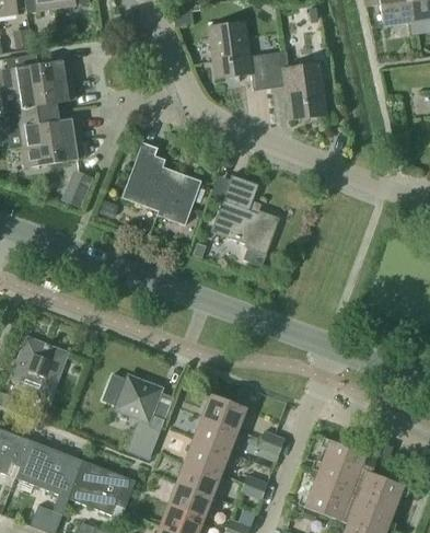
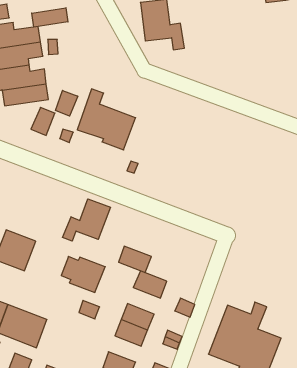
building: none -> [32,8,68,27]
building: [265,53,328,119] -> none
building: none -> [56,90,78,116]
building: [211,176,281,269] -> none
building: none -> [63,199,110,241]
building: [193,416,237,452] -> [119,246,151,273]
building: [68,460,135,515] -> none
building: [166,482,211,518] -> none

